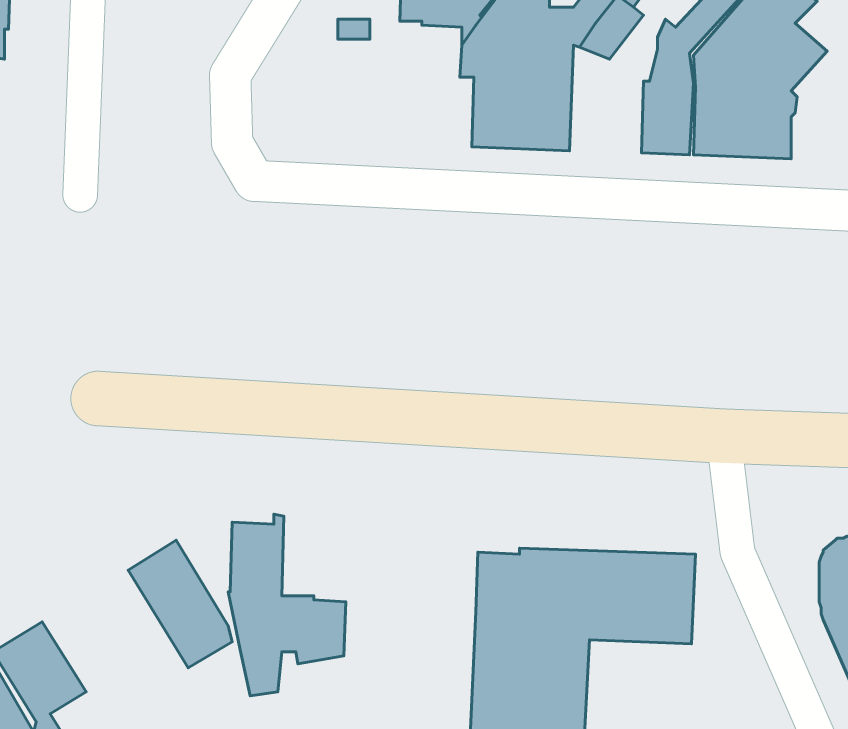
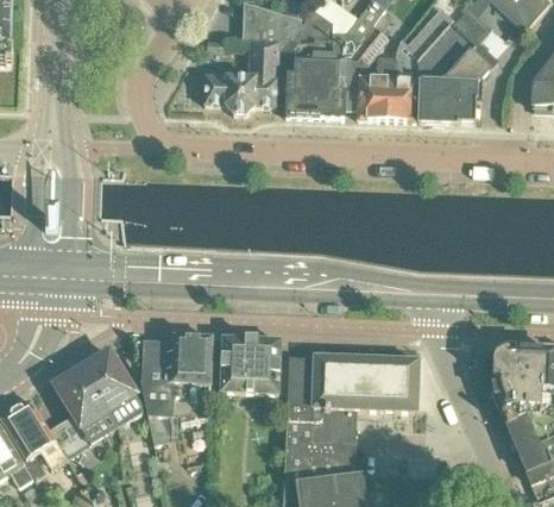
building: none -> [204,39,279,112]
building: none -> [358,55,396,118]
building: none -> [172,334,212,386]
building: none -> [220,336,289,393]
building: none -> [50,367,117,456]

